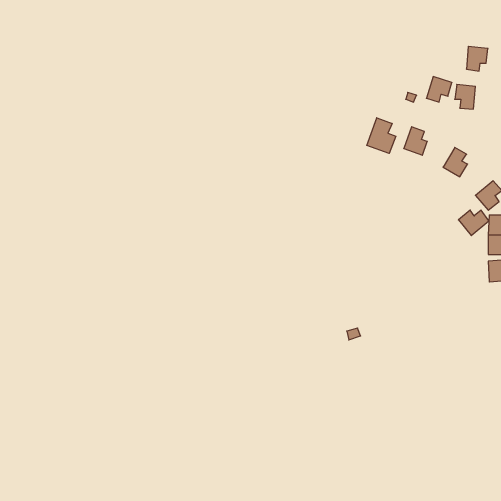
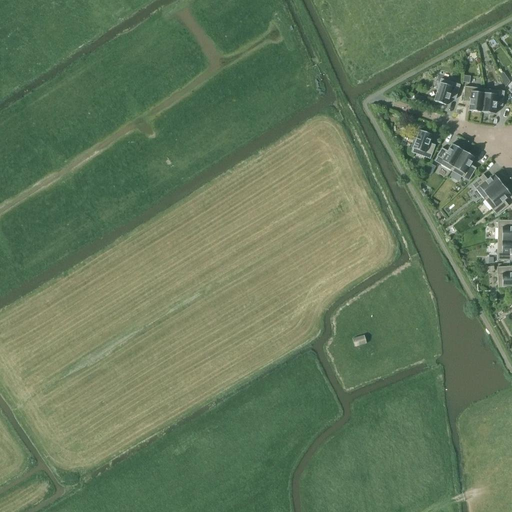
building: [466,46,488,71] -> [483,88,505,113]
building: [367,118,396,153] -> none
building: none -> [435,143,464,170]
building: [458,210,489,236] -> [472,173,503,199]

